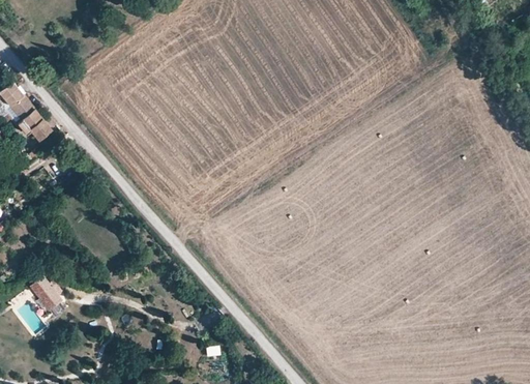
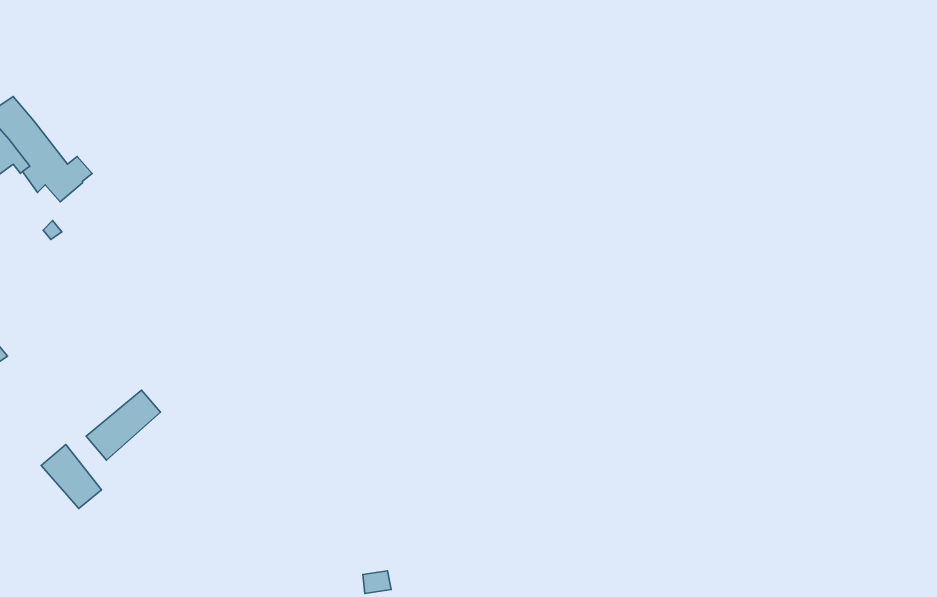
building: none -> [86,390,161,460]

